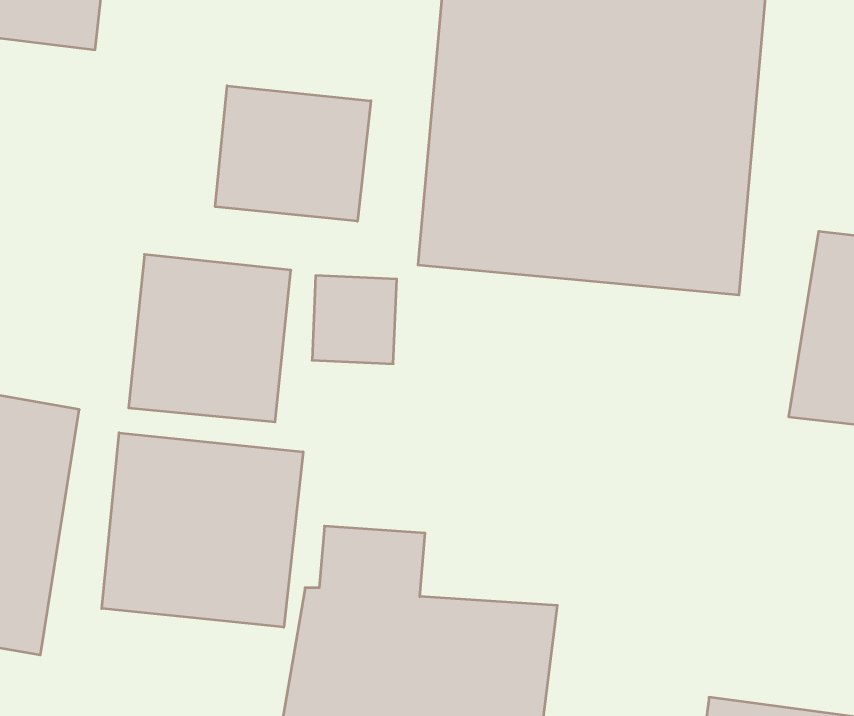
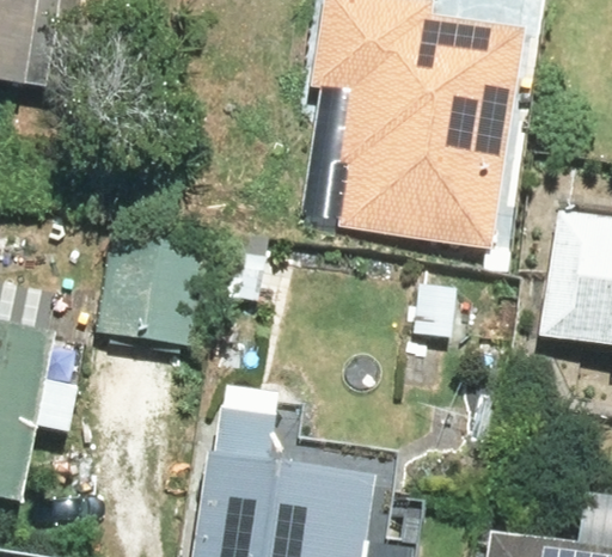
building: [215,86,371,221] -> none
building: [102,433,303,627] -> none

